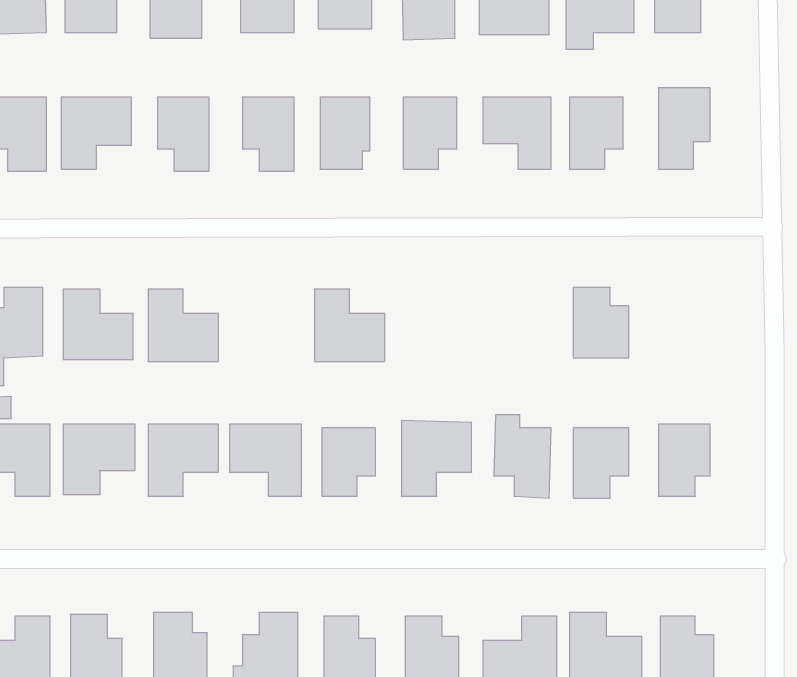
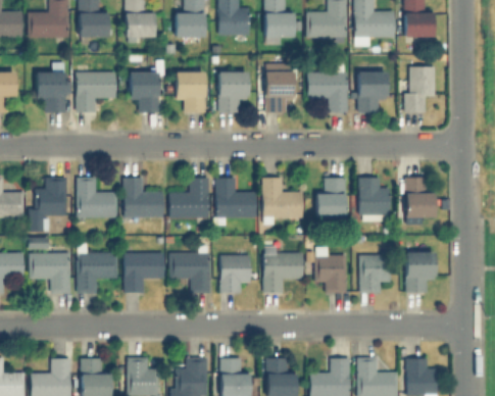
building: none -> [405,178,435,216]
building: none -> [169,179,208,217]
building: none -> [263,179,303,224]
building: none -> [316,179,345,218]

